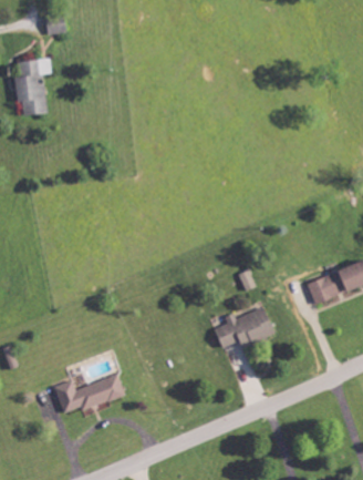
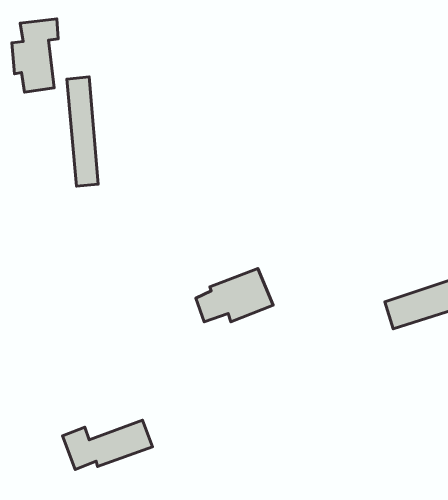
building: none -> [67,77,98,186]
building: [214,305,274,347] -> [196,268,273,322]

